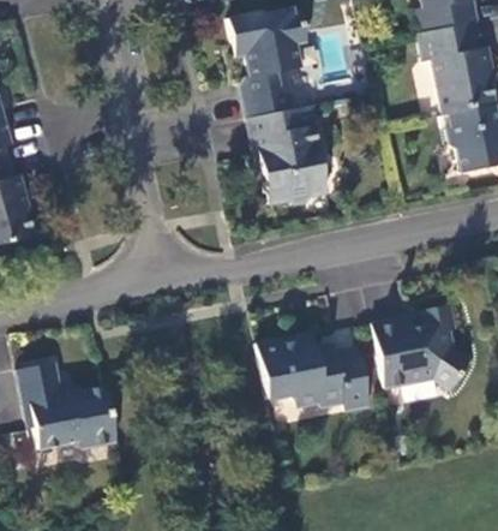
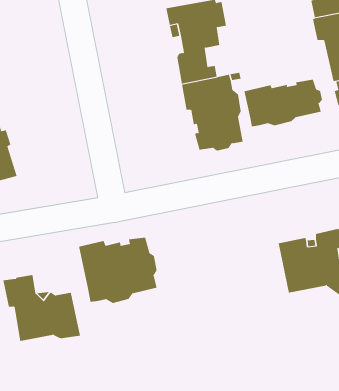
building: none -> [244,79,323,127]
building: none -> [78,237,157,304]
building: [256,332,370,413] -> none

